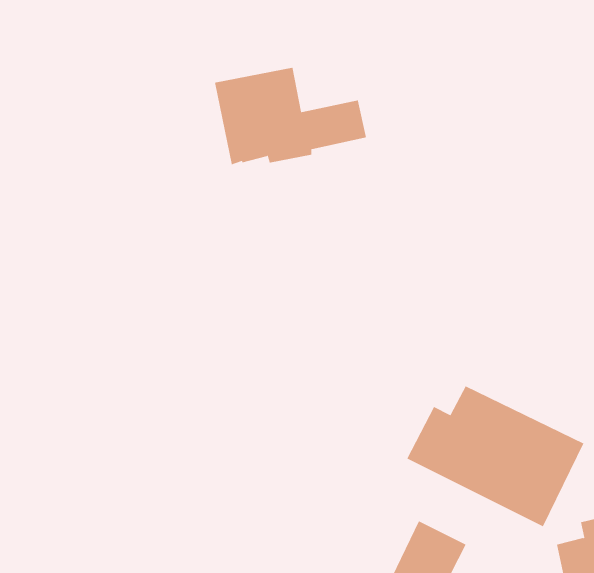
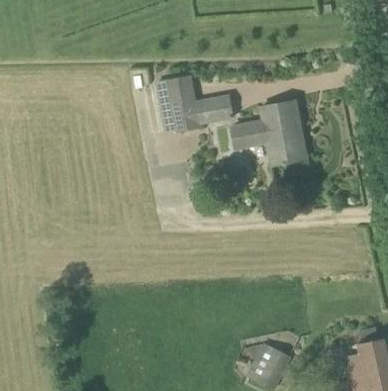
building: none -> [232,100,302,166]
building: [407,385,584,527] -> none

